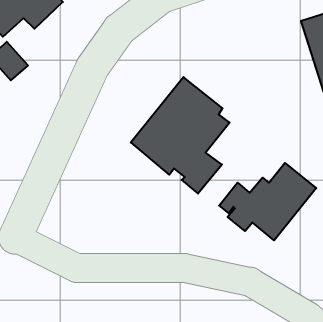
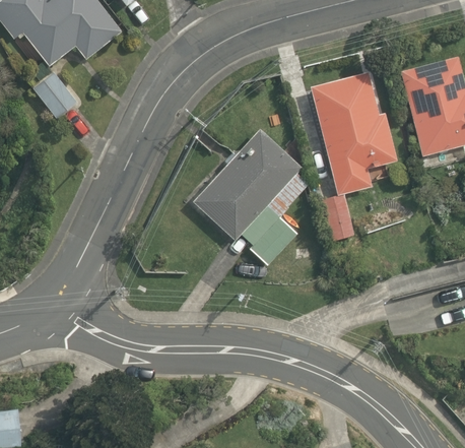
building: none -> [310,72,398,196]
building: [219,163,316,240] -> none

